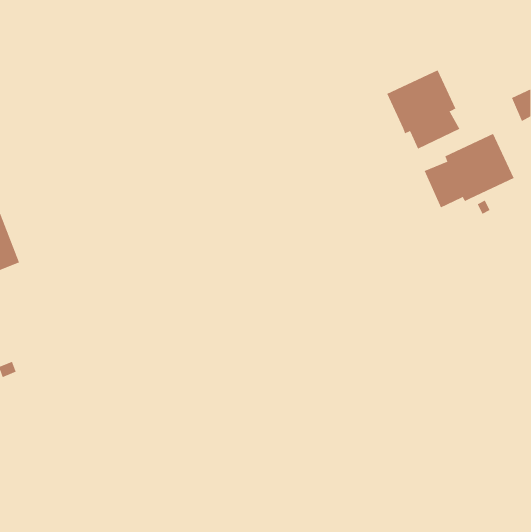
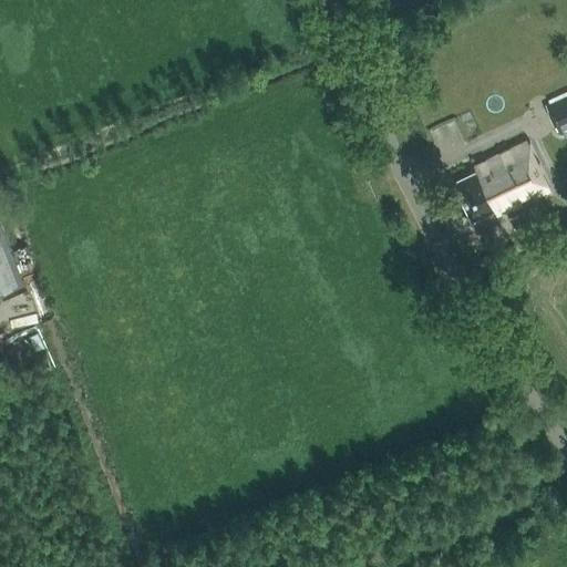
building: [387,70,460,149] -> none

